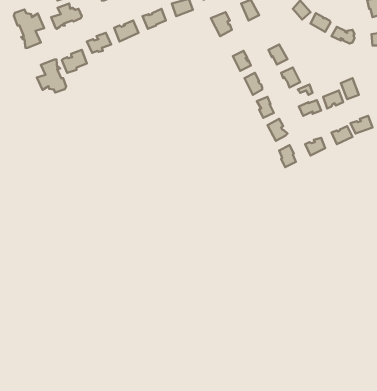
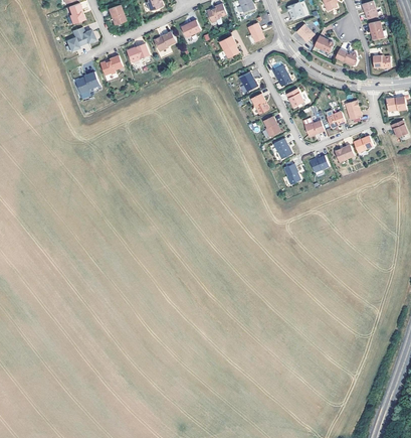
building: [14,9,44,48] -> none
building: [37,59,66,93] -> none

